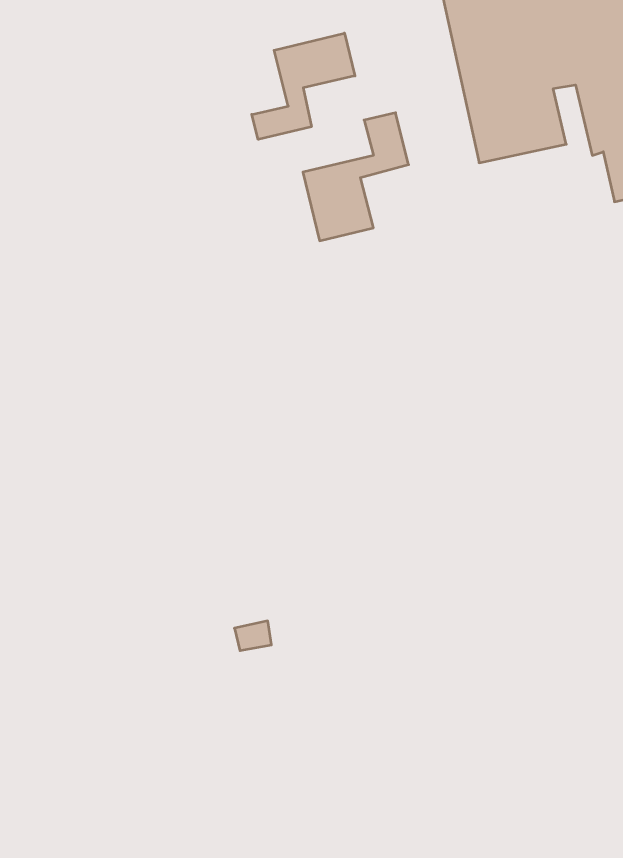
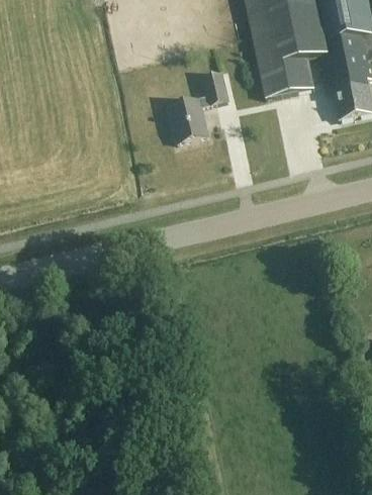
building: [252,33,355,139] -> none

